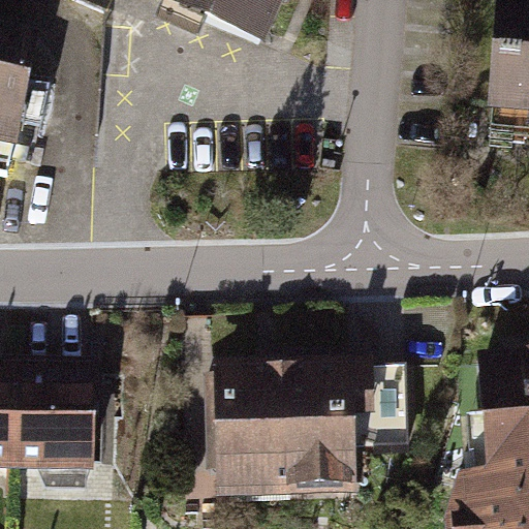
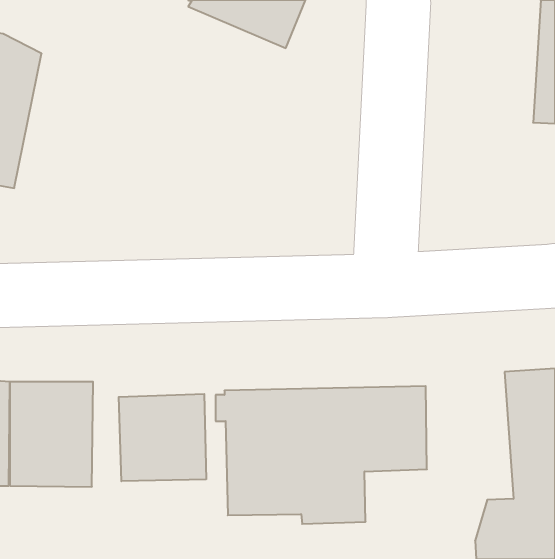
building: none -> [119,394,206,481]

